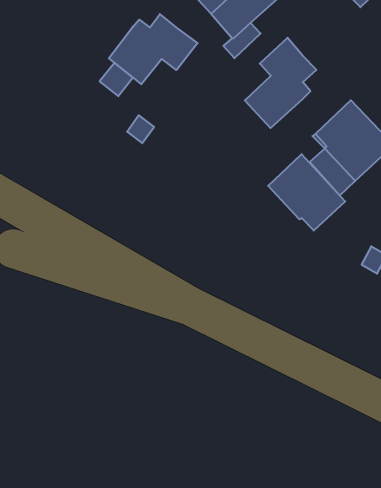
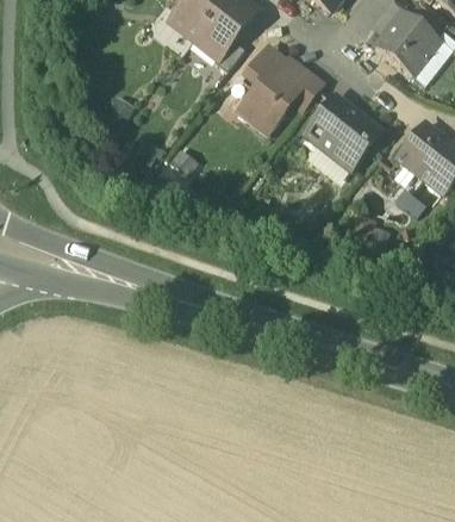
building: [109,14,198,84] -> none
building: none -> [285,57,322,110]
building: [268,154,345,231] -> none

